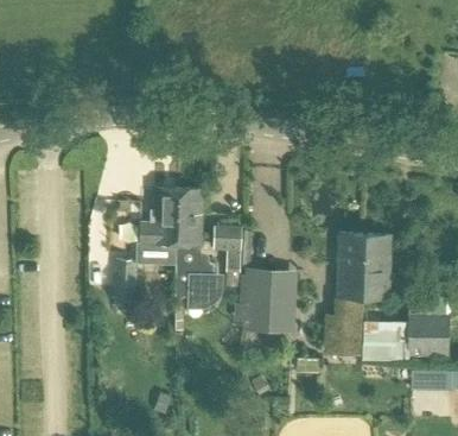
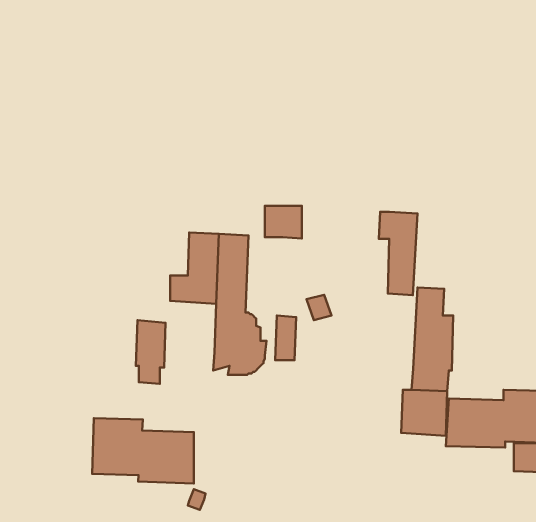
building: [211,230,241,257] -> [265,206,302,239]
building: [358,234,389,301] -> [379,212,417,295]
building: [246,273,292,328] -> none
building: none -> [92,418,194,483]

